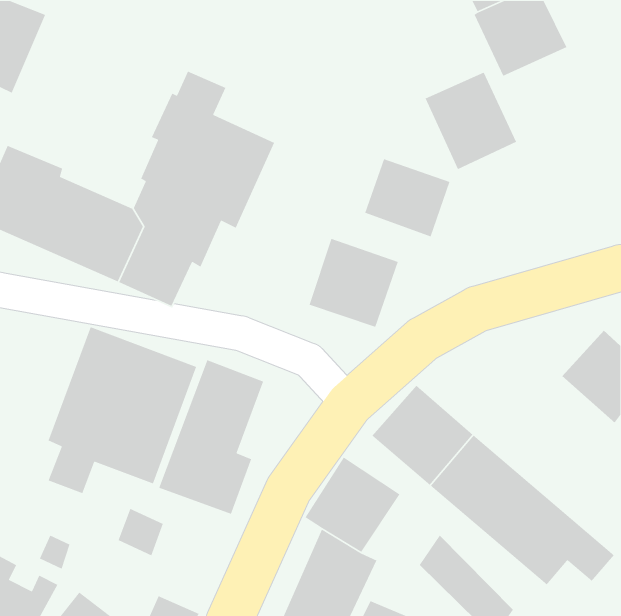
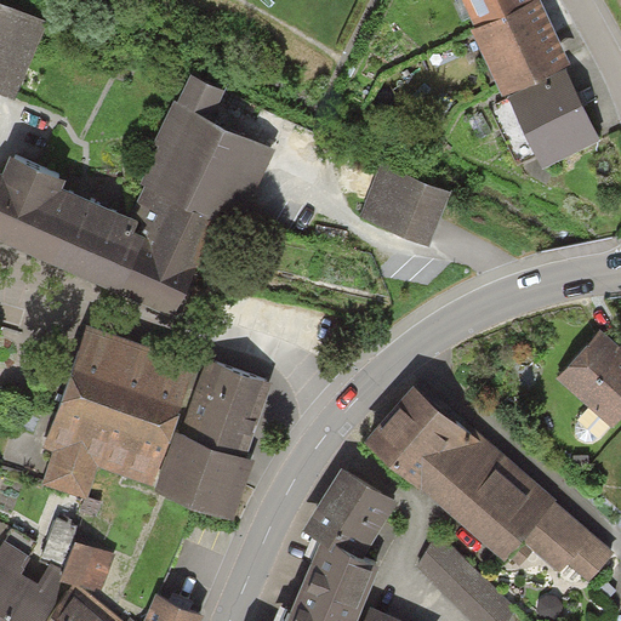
building: [425,72,517,170] -> [507,67,599,165]
building: [309,238,399,328] -> none
building: [118,508,164,556] -> [64,545,110,593]

